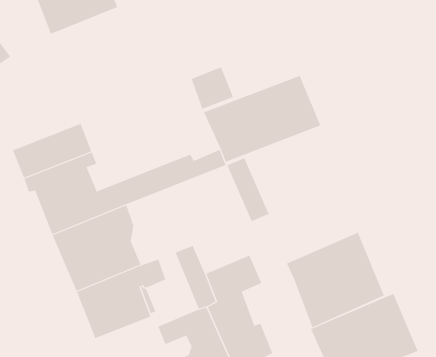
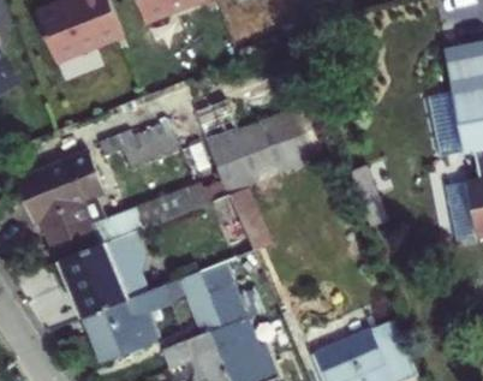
building: none -> [120,119,181,163]
building: [286,232,385,328] -> none

